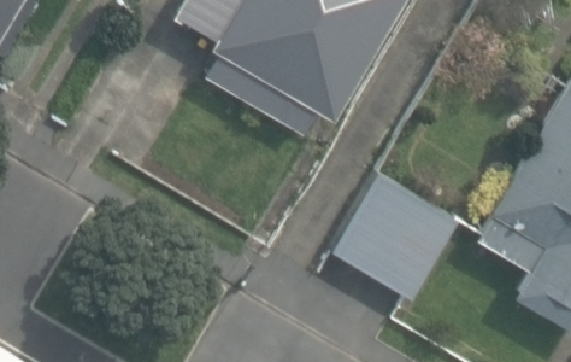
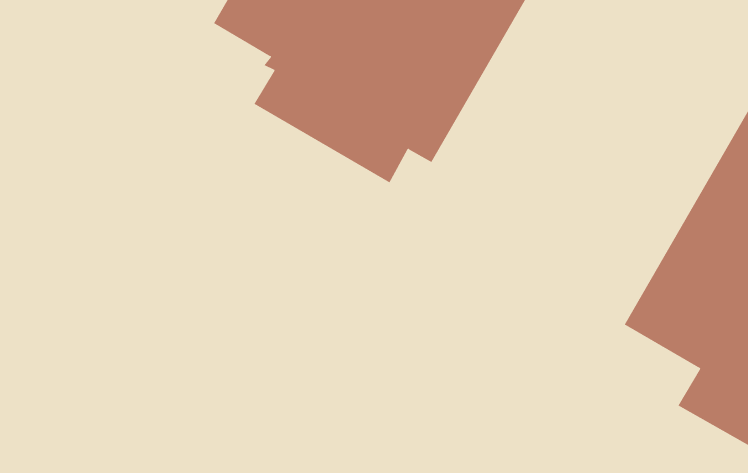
building: [329,169,453,293] -> none

